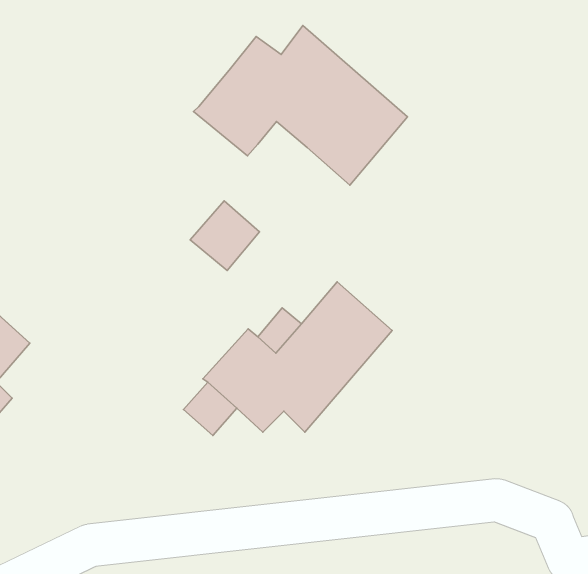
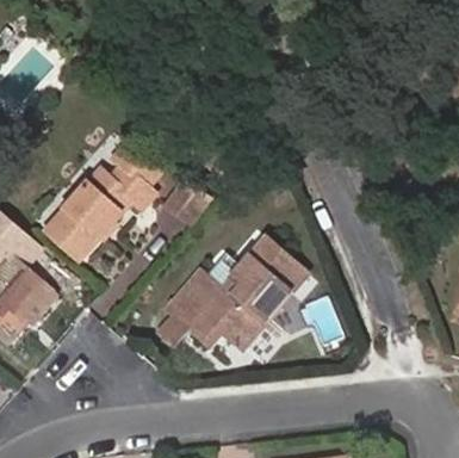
building: [194,26,407,185] -> none
building: none -> [46,144,162,259]

